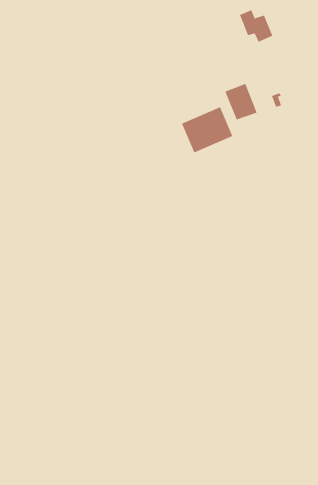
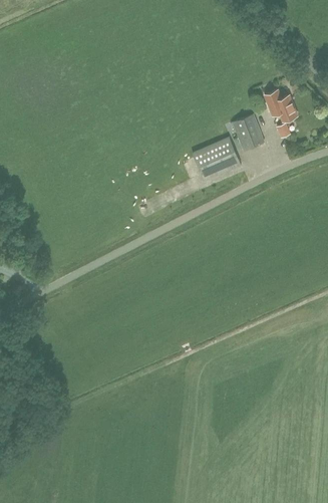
building: [239,9,273,42] -> [266,90,298,121]

